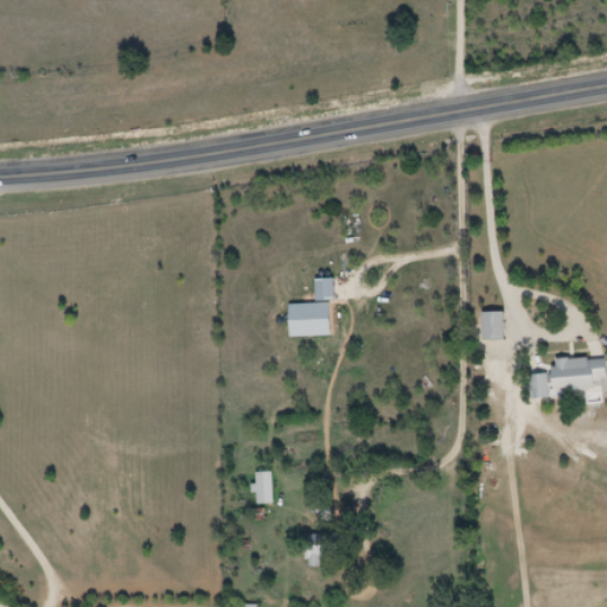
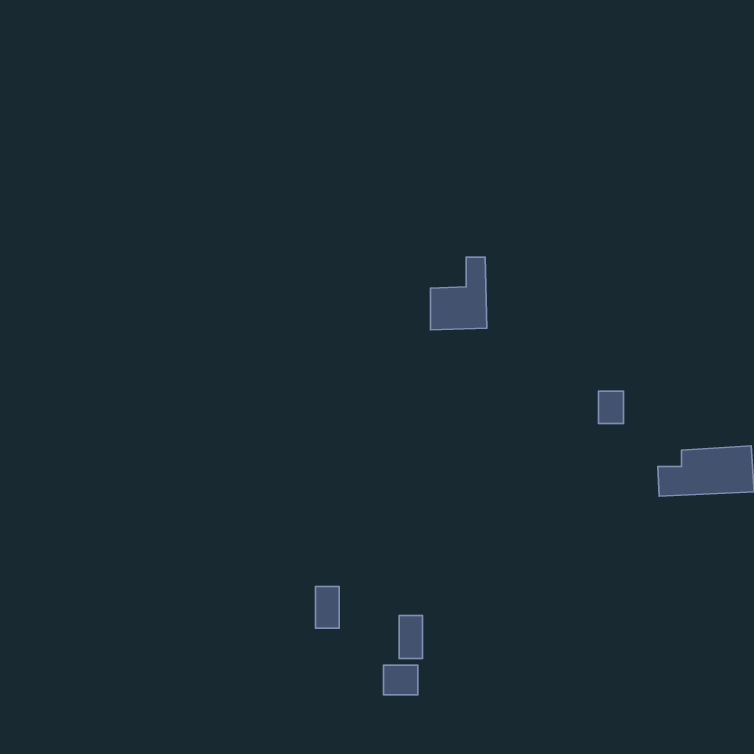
building: [288,279,333,337] -> [430,257,487,330]
building: none -> [399,615,423,659]

